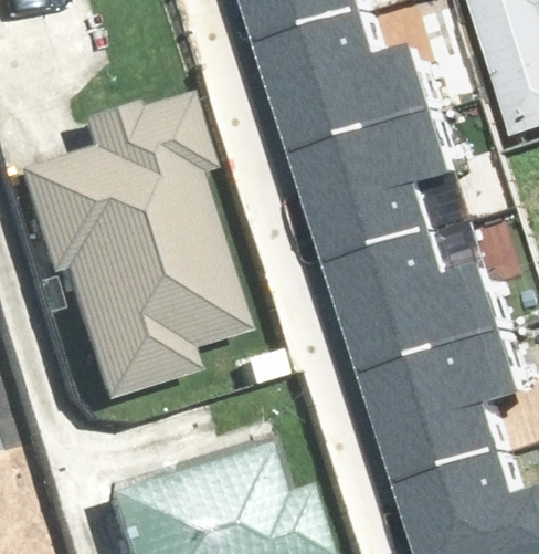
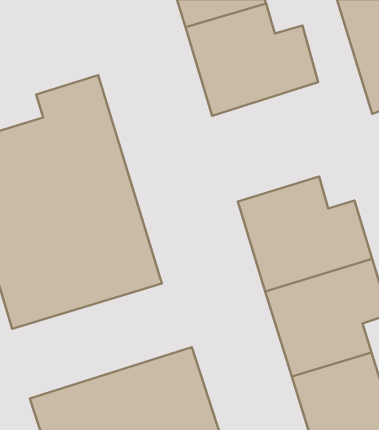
building: [308,104,463,253] -> none

